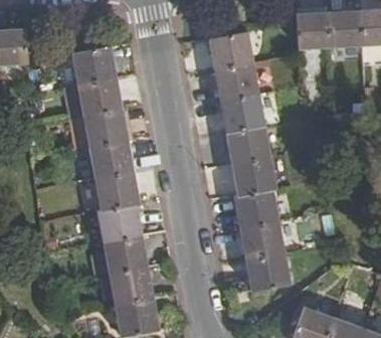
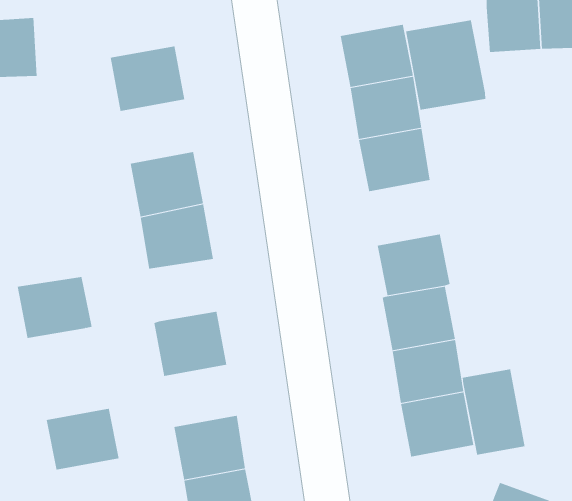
building: none -> [405,20,486,110]
building: [77,77,122,116] -> none
building: [226,126,269,165] -> none
building: [94,173,140,210] -> [17,276,92,338]
building: [104,236,148,274] -> [46,408,120,470]
building: none -> [462,369,525,456]

